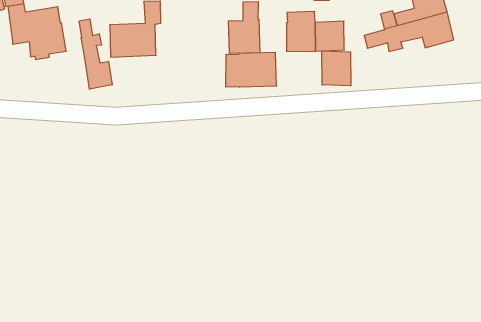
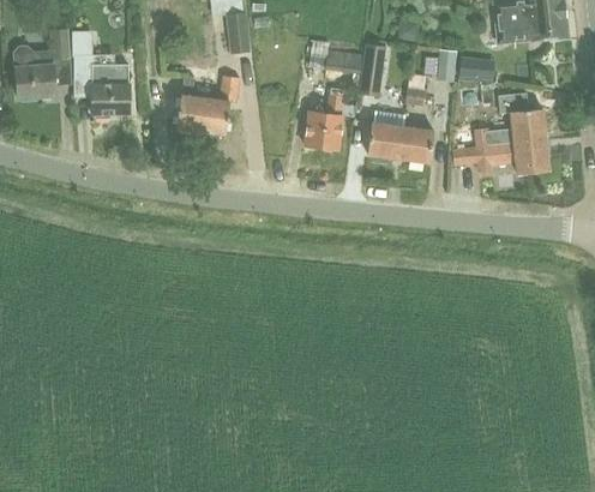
building: [79,19,112,89] -> none
building: [322,51,351,86] -> none
building: [226,52,276,87] -> none

